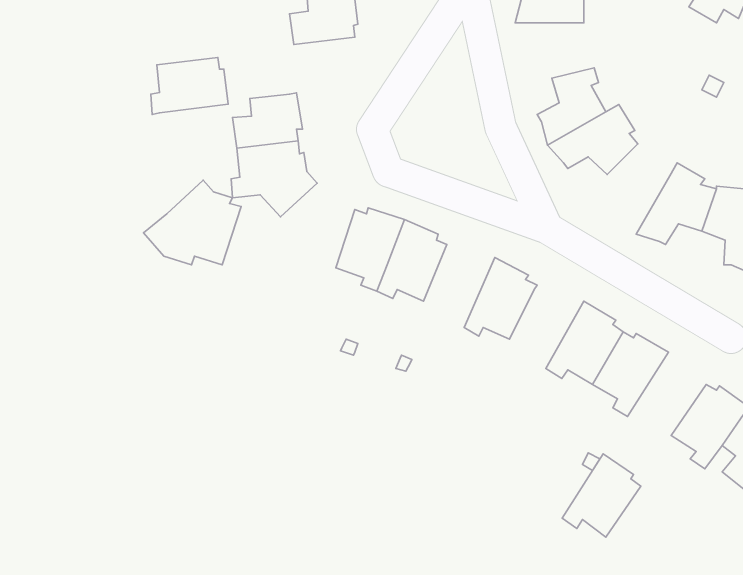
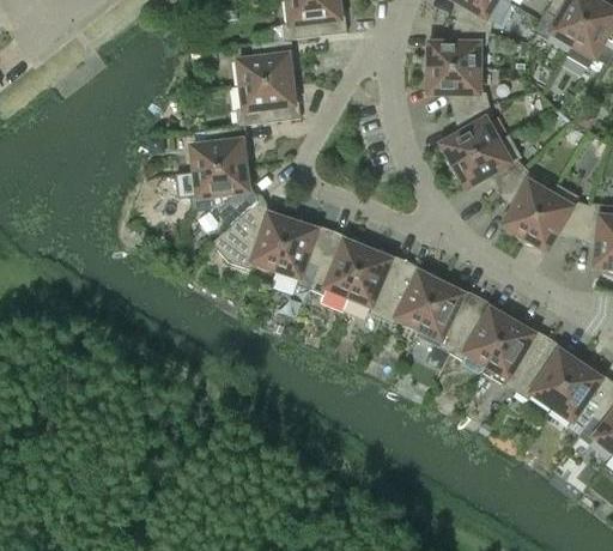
building: none -> [424,68,488,114]
building: [151,58,228,114] -> [237,80,301,127]
building: none -> [499,168,551,242]
building: [144,180,241,265] -> [212,200,292,270]
building: none -> [348,250,407,319]
building: none -> [419,284,480,352]
building: [562,454,641,537] -> [516,339,581,407]

